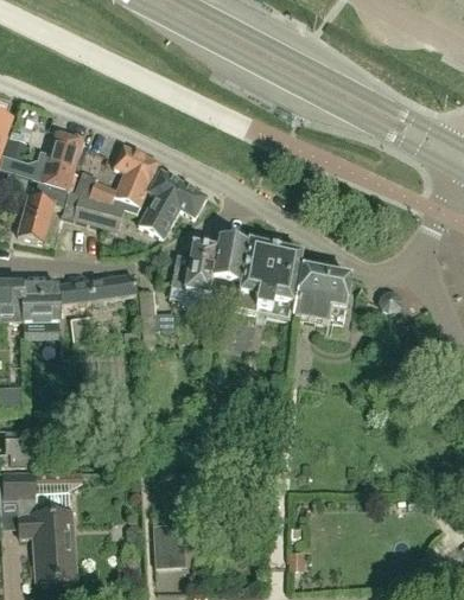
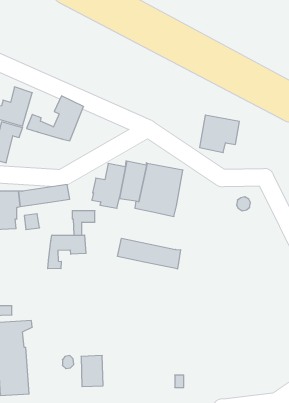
building: [138,168,205,237] -> none
building: [61,190,126,231] -> none
building: [293,268,351,323] -> [200,115,239,153]
building: none -> [48,235,86,269]
building: none -> [118,238,181,269]

